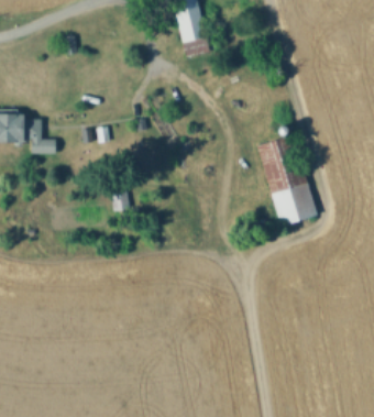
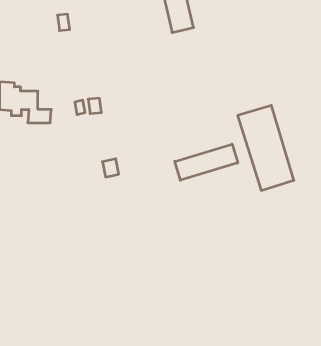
building: none -> [175,144,238,180]

